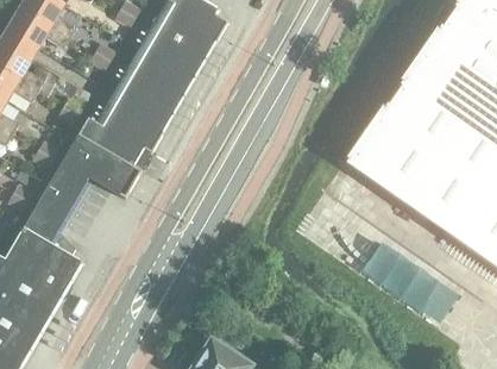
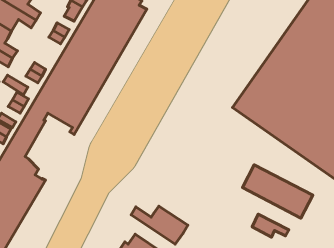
building: none -> [131,206,188,244]
building: none -> [252,214,289,237]

